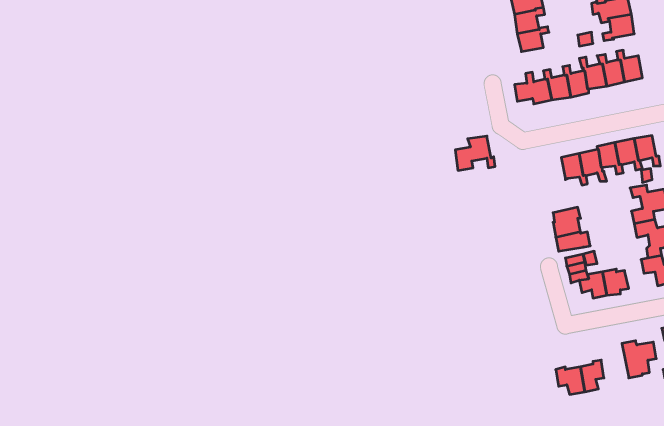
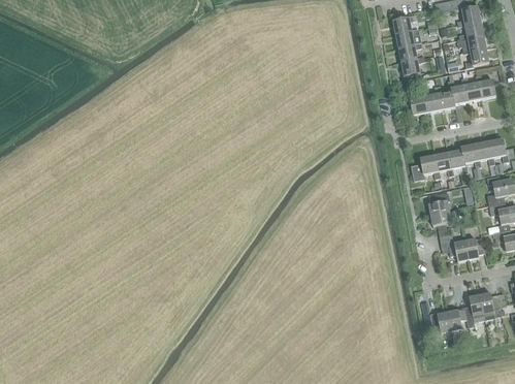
building: [455,136,495,170] -> [411,155,441,181]
building: none -> [464,294,485,327]

